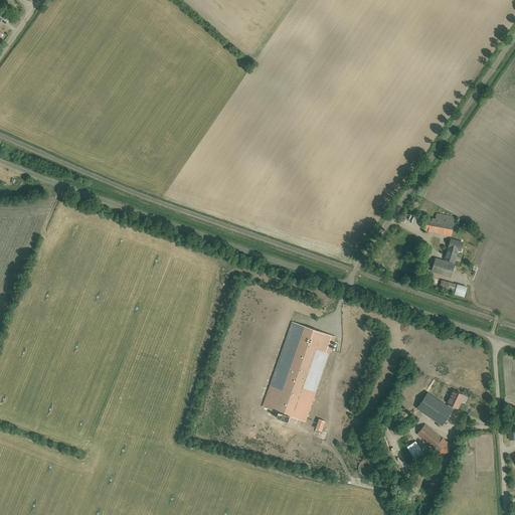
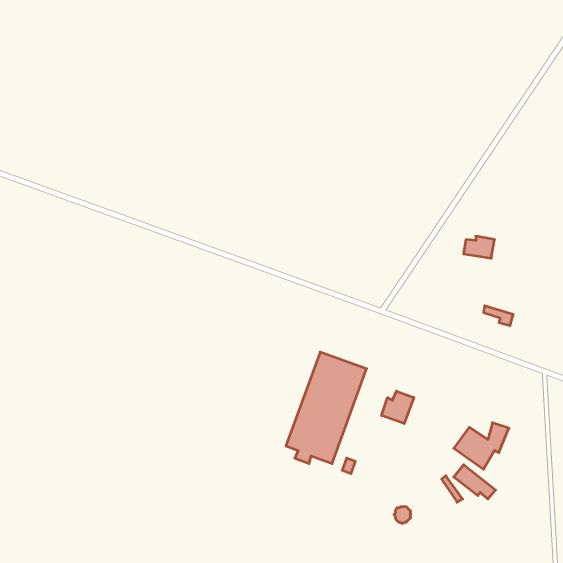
building: [434,237,466,276] -> none
building: none -> [382,391,414,424]

